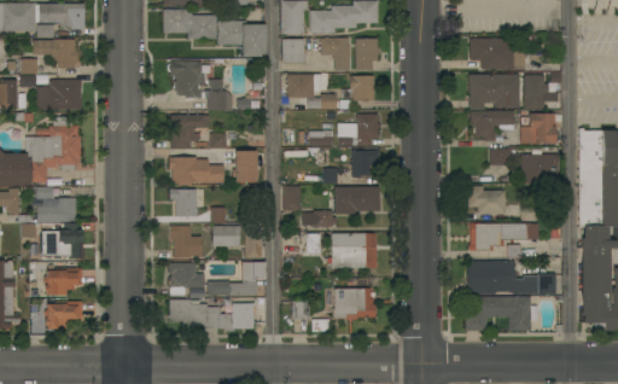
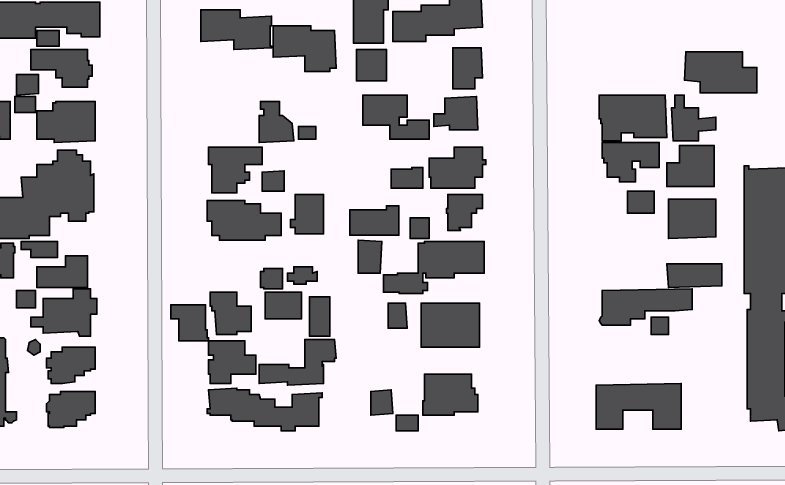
building: [321,39,351,70] -> none
building: [470,39,525,70] -> [684,52,757,93]
building: [170,62,205,99] -> none
building: none -> [350,206,399,235]
building: [468,186,506,214] -> none
building: [170,190,199,217] -> [171,305,209,341]
building: [468,261,556,295] -> none

